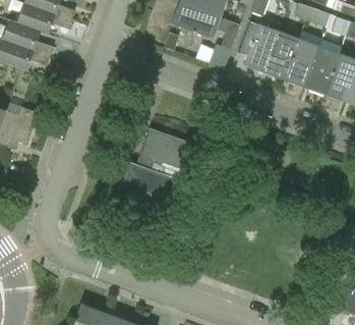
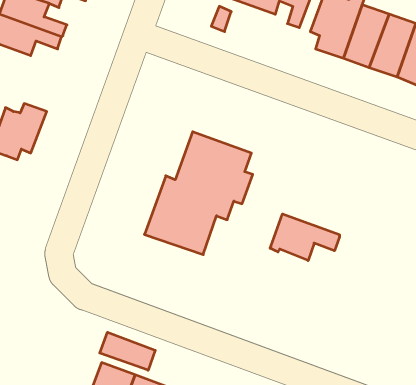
building: none -> [270,214,339,261]
building: none -> [100,332,155,370]

